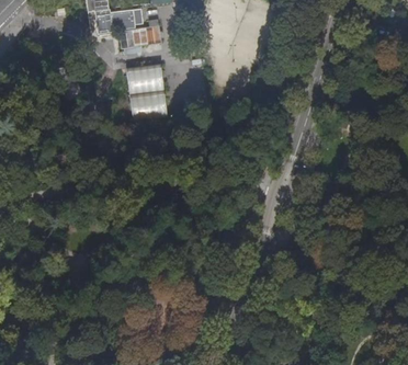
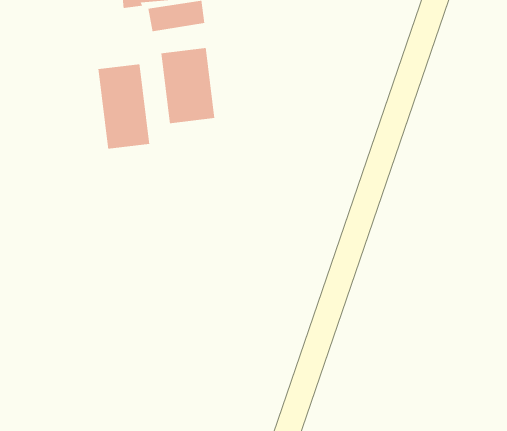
building: none -> [98,63,150,150]

